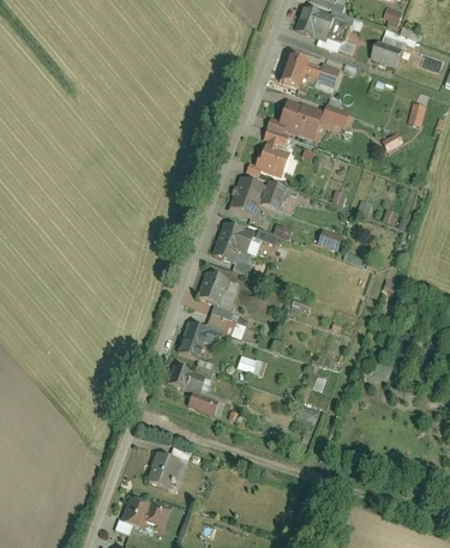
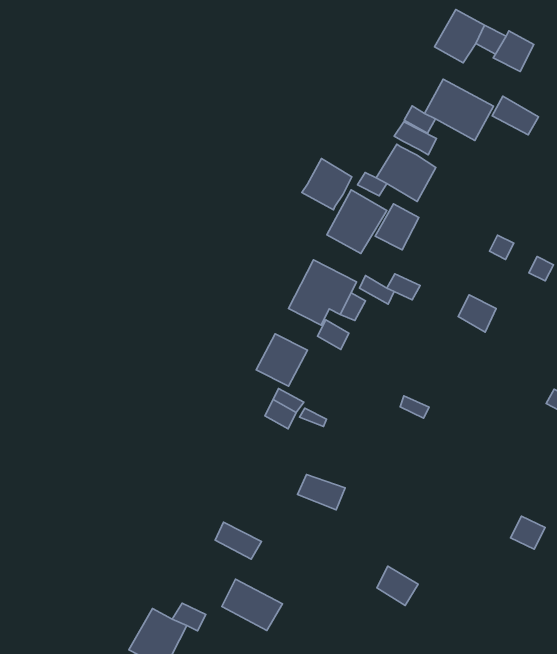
building: none -> [302,158,352,210]
building: [179,321,212,356] -> none
building: [168,365,205,393] -> [222,579,282,631]

